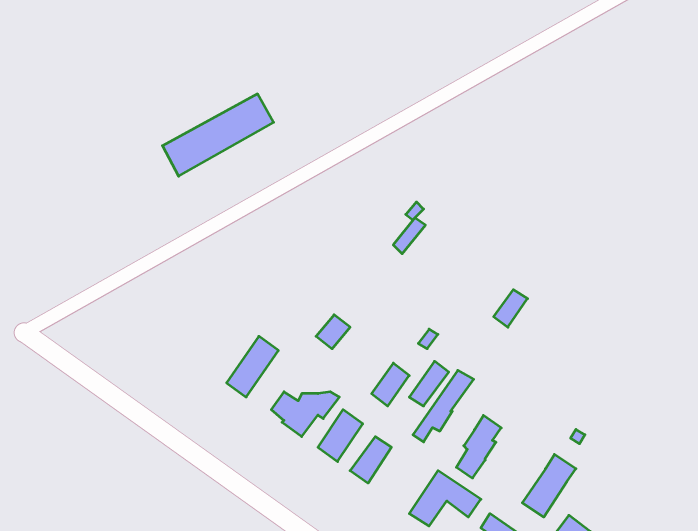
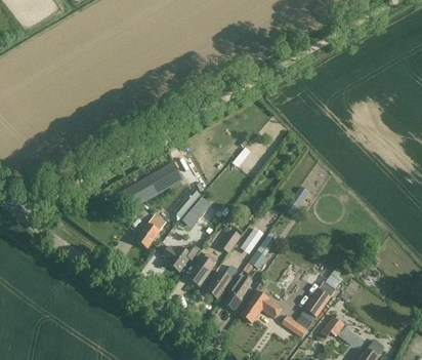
building: [162,94,274,176] -> [120,162,183,209]
building: [456,415,501,478] -> [224,273,250,309]

